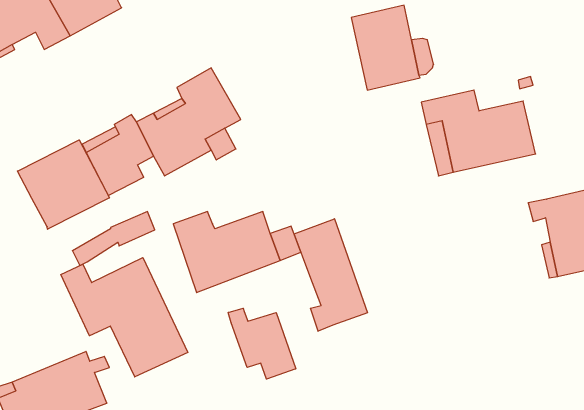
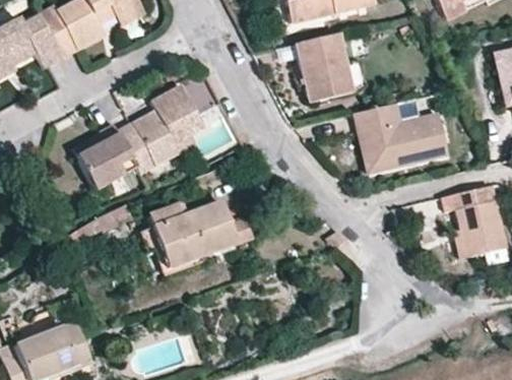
building: [17,140,109,229] -> none
building: [294,219,367,331] -> none
building: [61,258,188,377] -> none
building: [228,308,296,379] -> none

